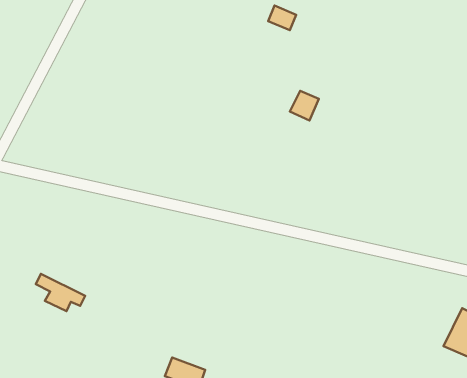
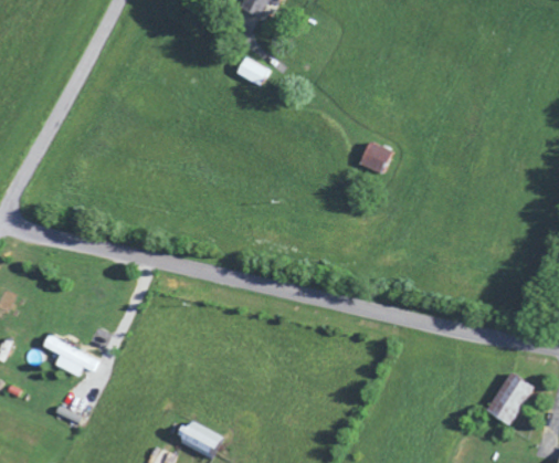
building: [268,6,296,30] -> [240,56,270,83]
building: [290,91,319,121] -> [362,140,393,172]

